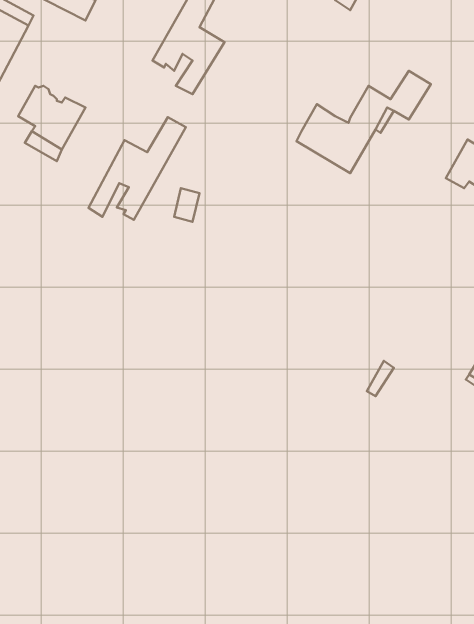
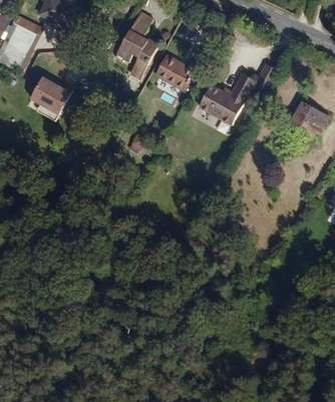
building: none -> [153,54,193,89]
building: [89,117,186,220] -> none

